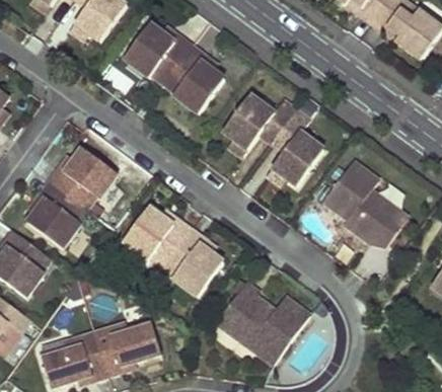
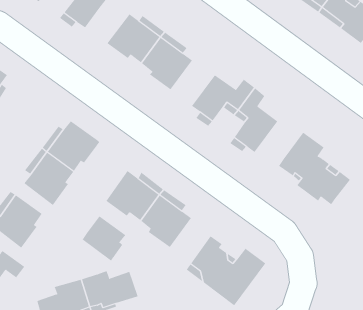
building: none -> [82,215,126,261]

